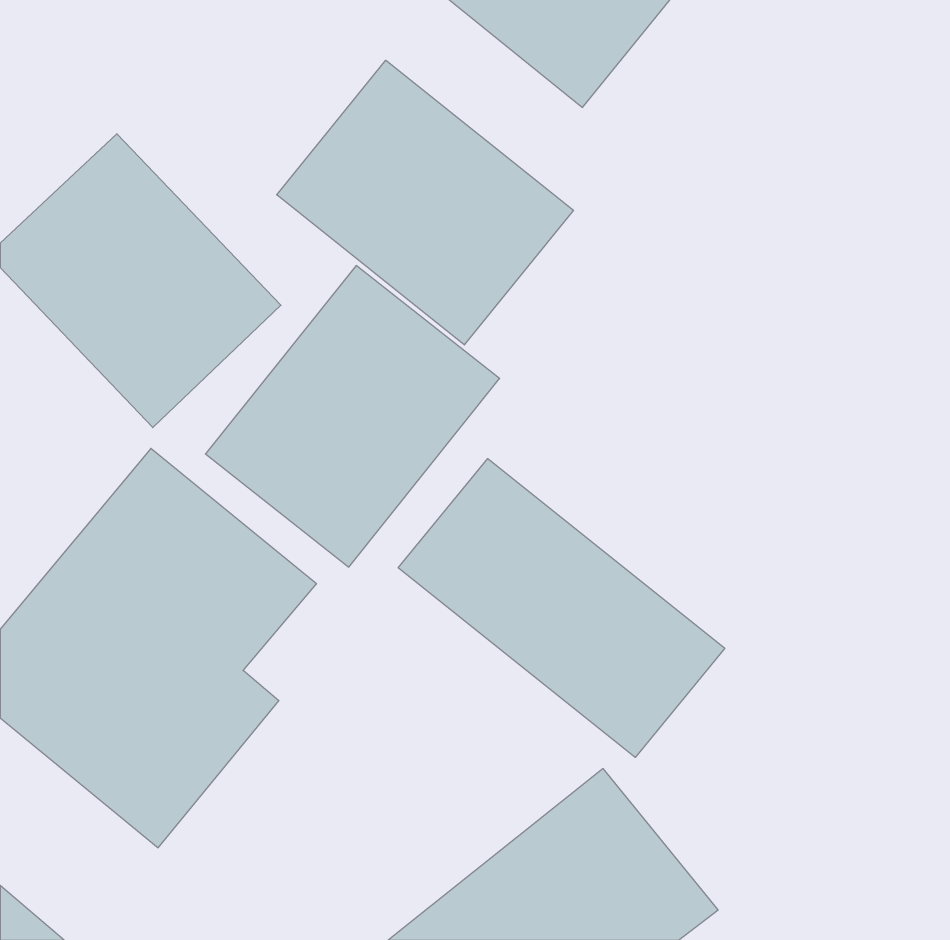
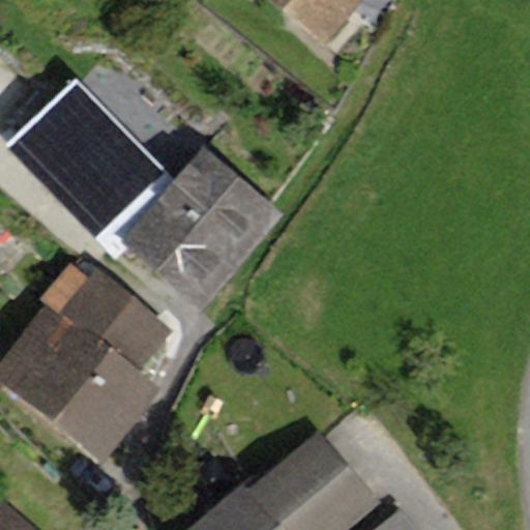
building: [277,60,573,345] -> none
building: [398,459,725,757] -> none

